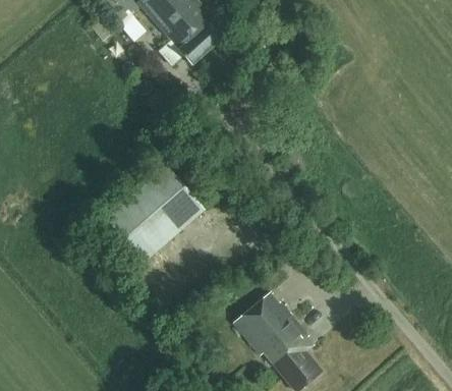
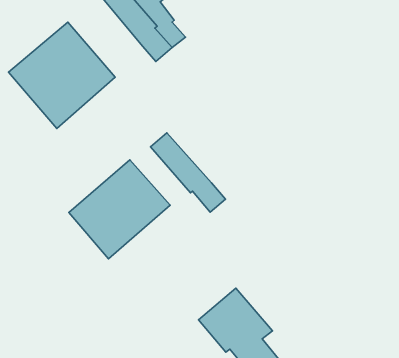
building: none -> [8,22,115,128]
building: none -> [151,133,225,212]

